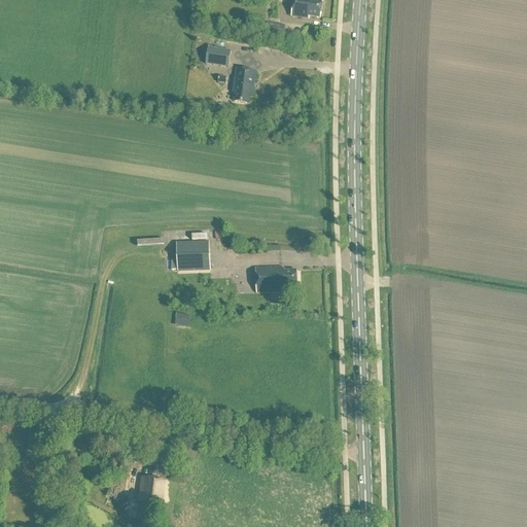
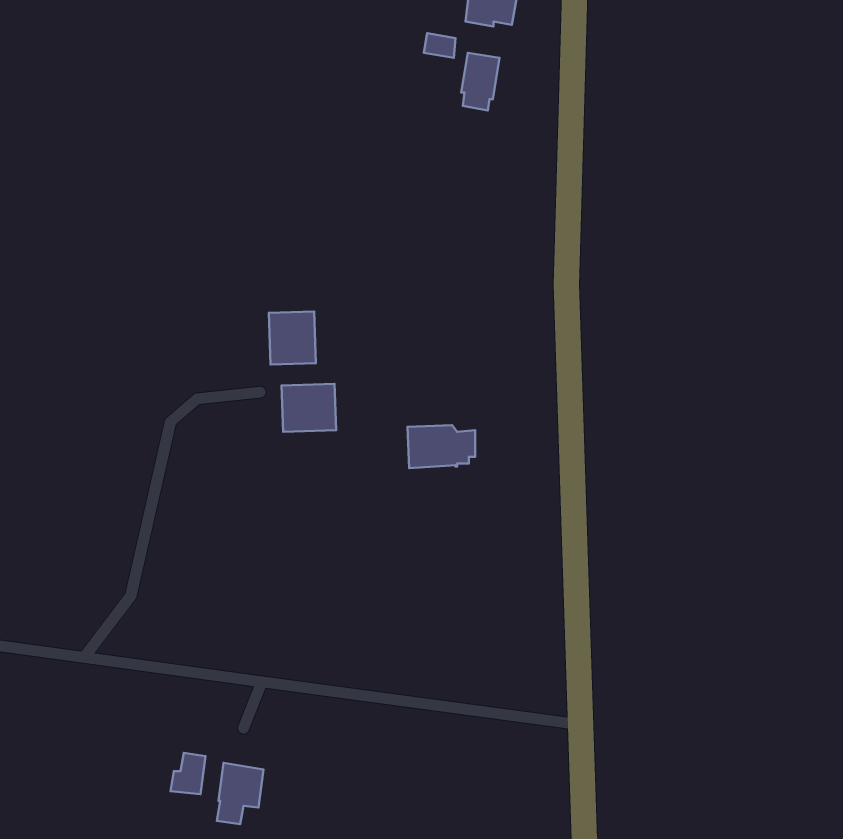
building: [204,45,229,65] -> none
building: [231,66,254,102] -> [461,53,499,111]
building: none -> [269,312,316,364]

